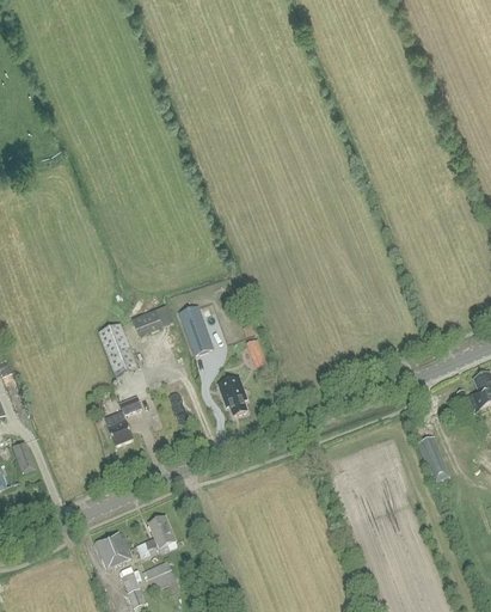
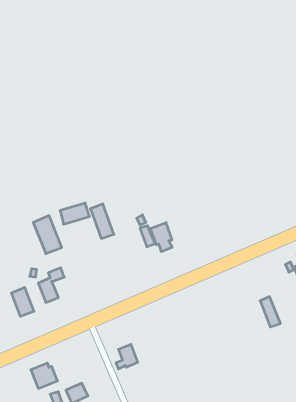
building: [216,375,247,416] -> [150,223,172,251]
building: none -> [11,287,34,316]
building: [143,515,174,550] -> [116,344,138,369]

